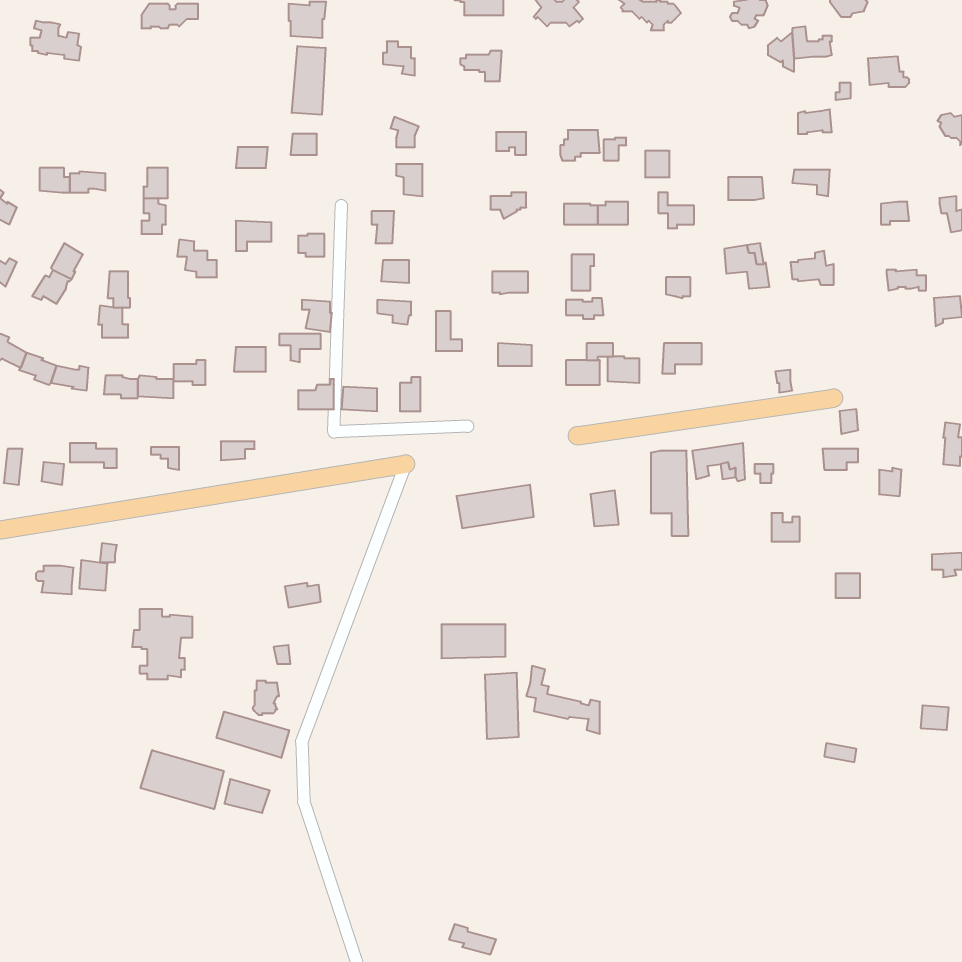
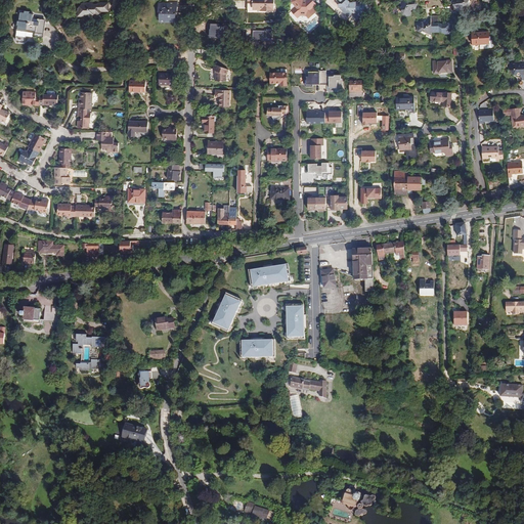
building: [292,46,326,115] -> none
building: none -> [393,170,424,194]
building: none -> [211,292,242,331]
building: [485,673,519,739] -> [286,303,304,339]
building: [217,712,289,758] -> none
building: [141,750,224,809] -> none
building: none -> [329,488,375,516]

